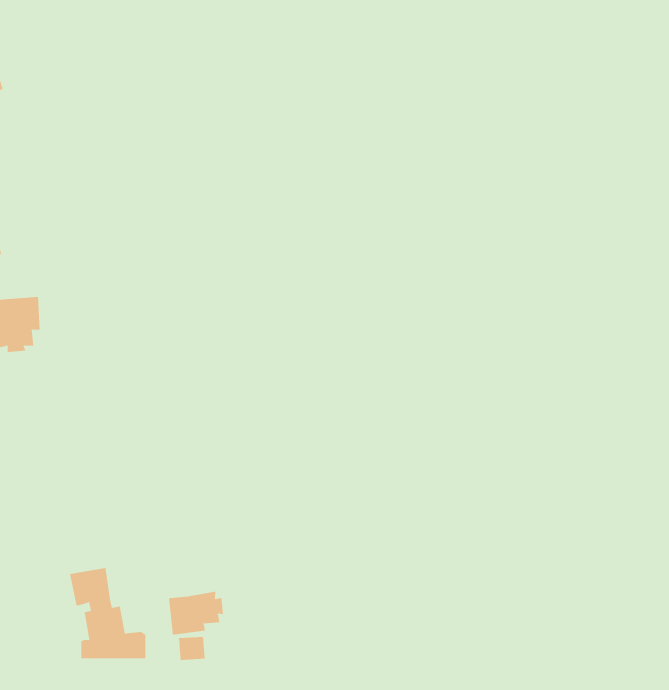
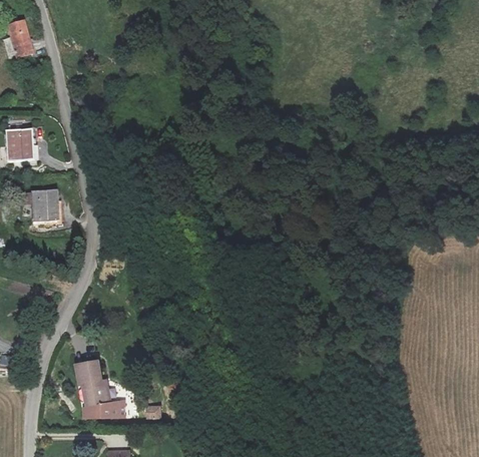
building: [169,591,223,636] -> none

